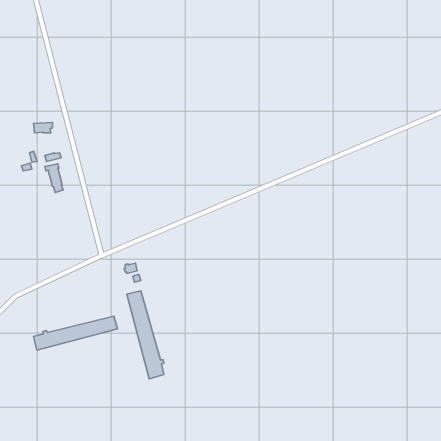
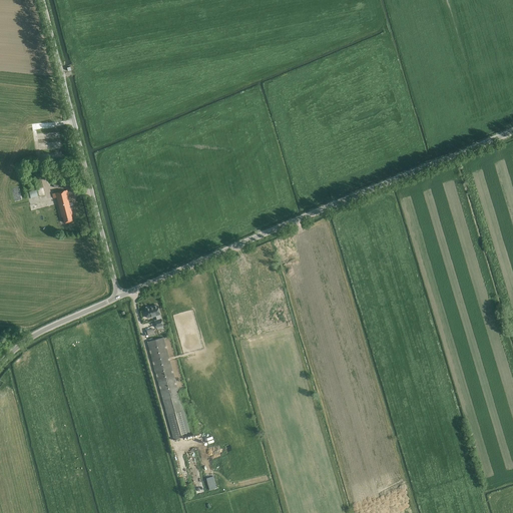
building: [34,316,117,350] -> none

